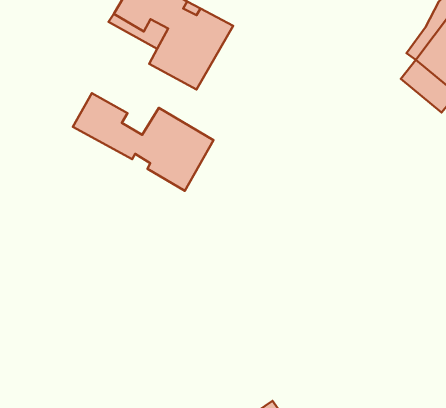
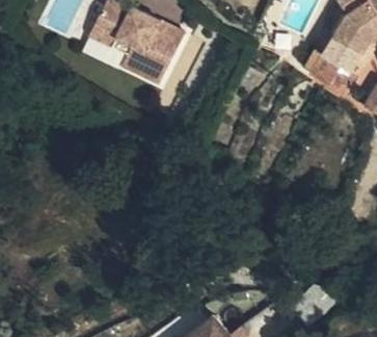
building: [73,93,214,191] -> none

